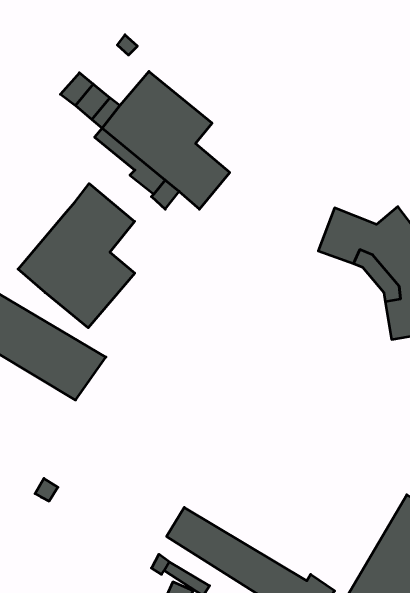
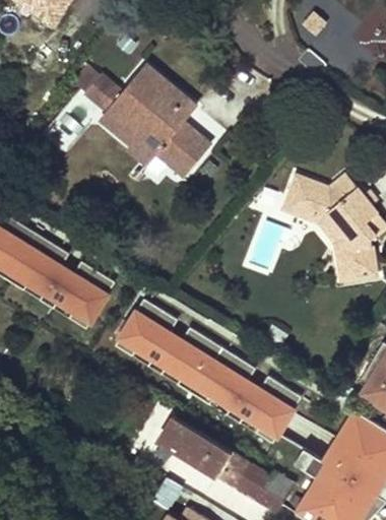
building: [18,184,135,328] -> none
building: none -> [113,306,301,437]

